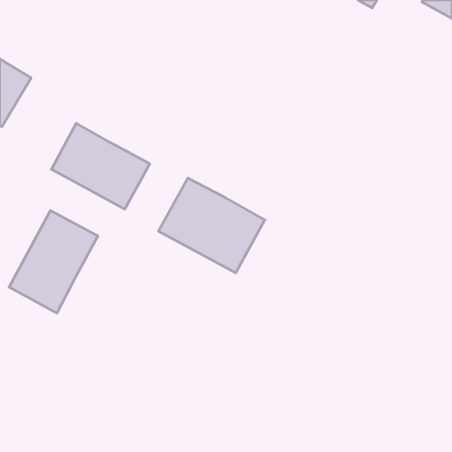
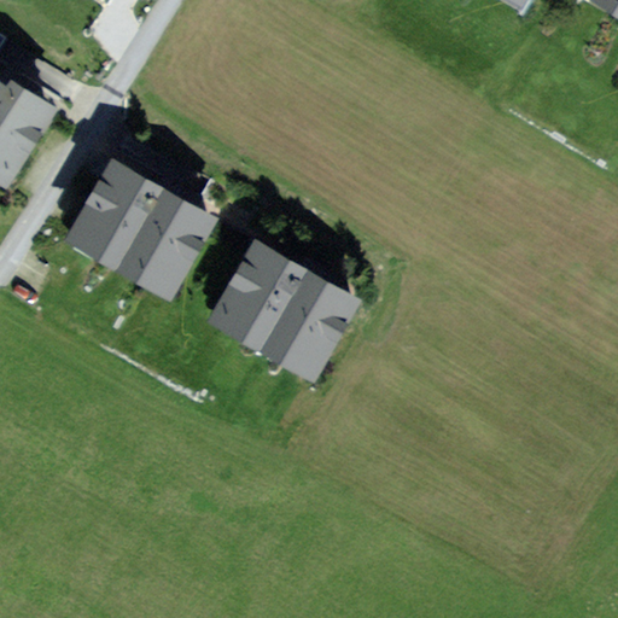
building: [9,211,98,313] -> none

